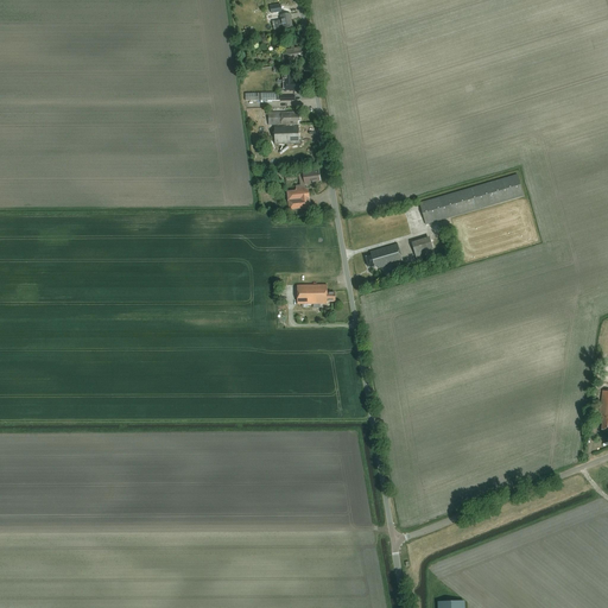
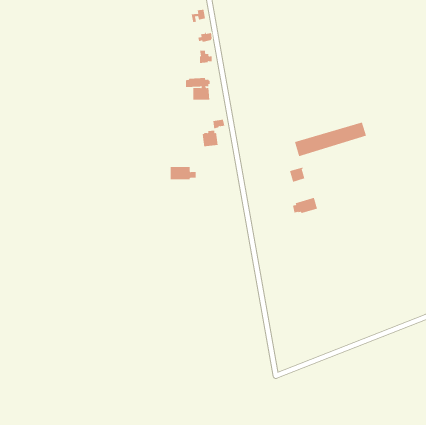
building: [366,243,403,267] -> [292,197,318,214]
building: [297,284,335,303] -> [170,167,196,180]

